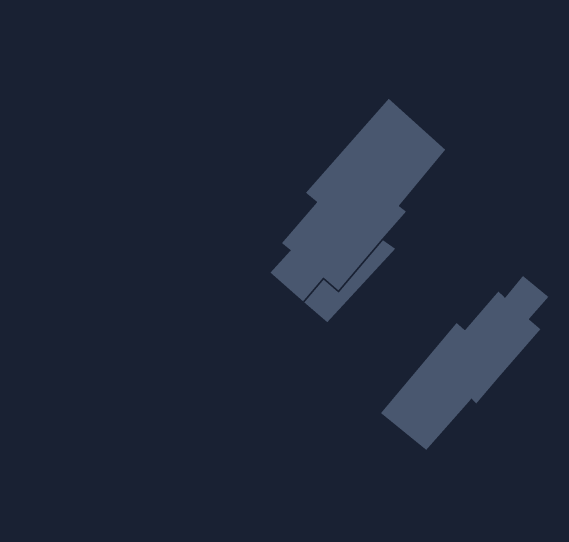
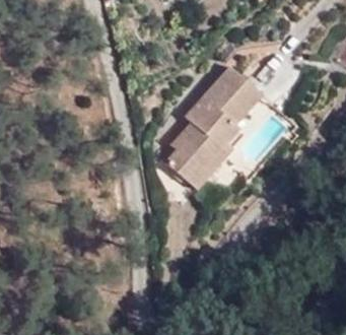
building: [380,275,549,451] -> none

